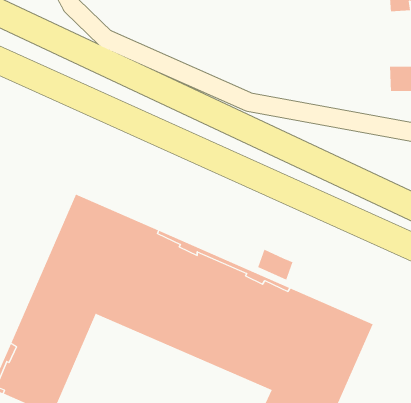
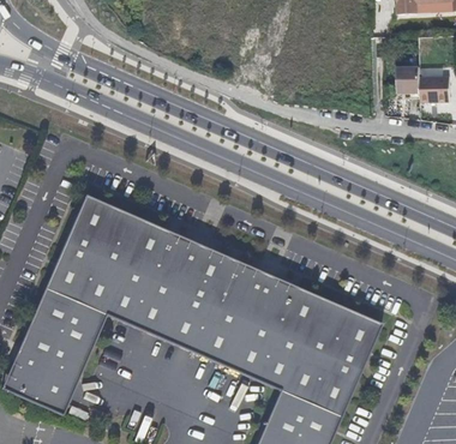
building: [258,249,293,280] -> none

